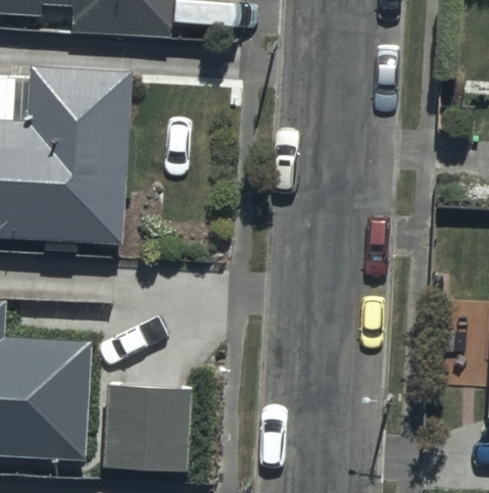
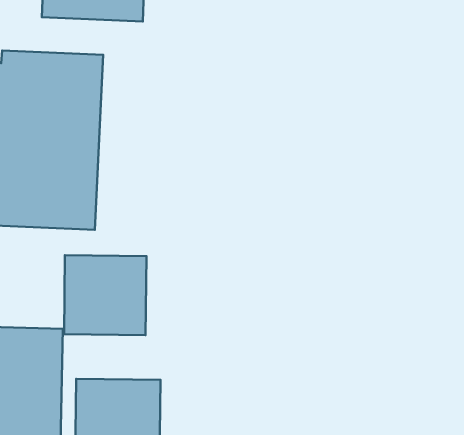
building: none -> [64,255,147,335]

